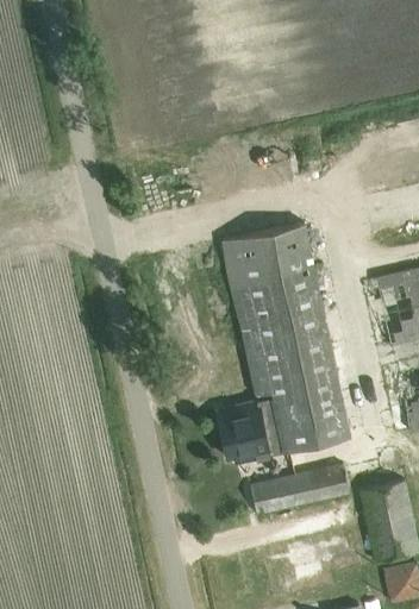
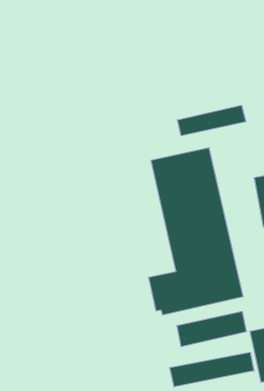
building: none -> [177,105,246,136]
building: none -> [170,352,254,387]

